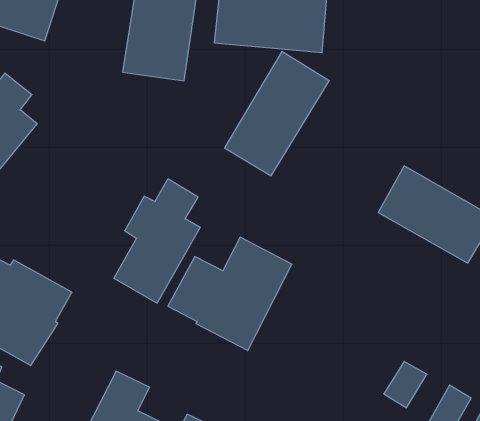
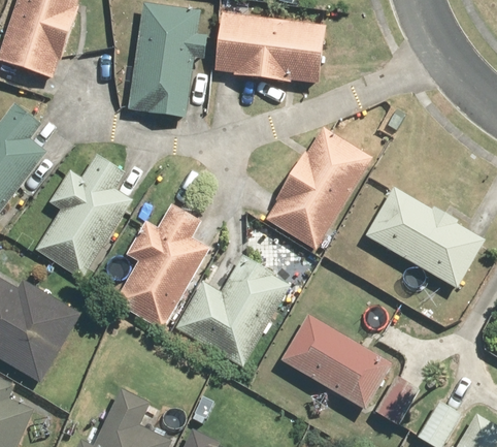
building: [225,52,329,176] -> [267,127,367,246]
building: none -> [36,154,131,280]
building: none -> [284,317,391,408]

